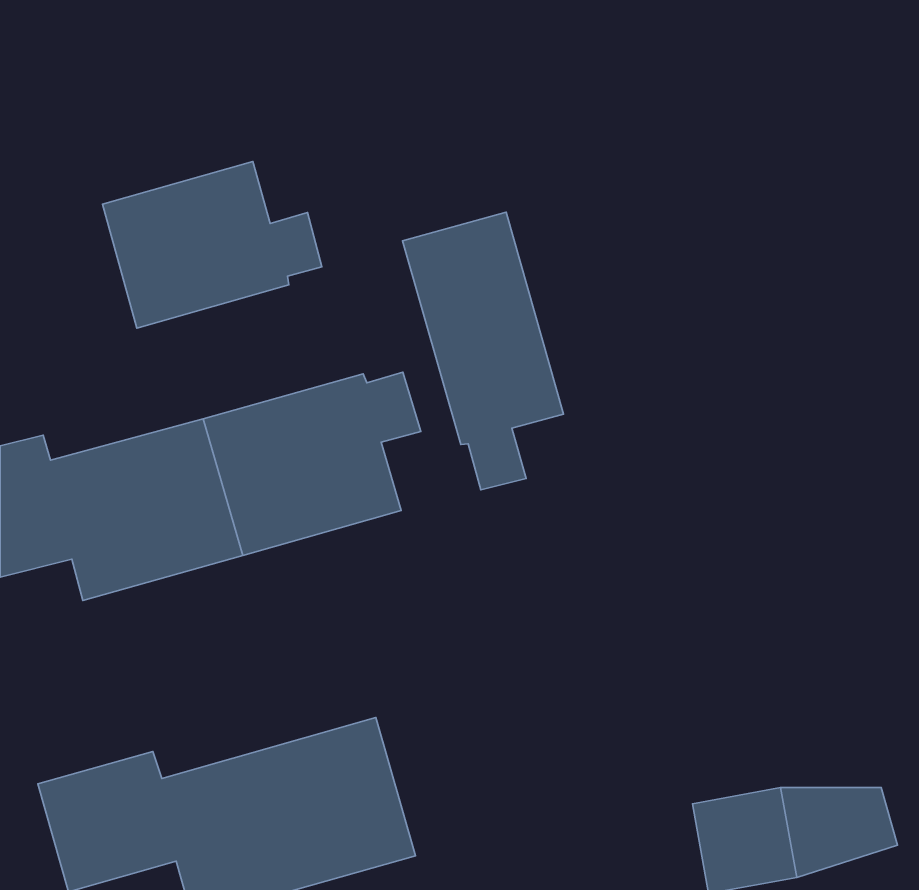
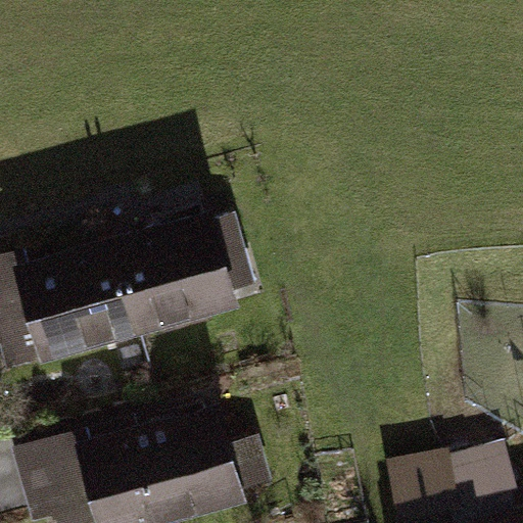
building: [102,162,322,328] -> none
building: [402,212,564,490] -> none

